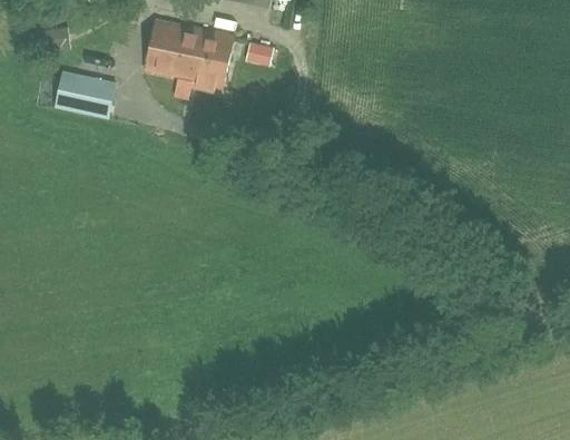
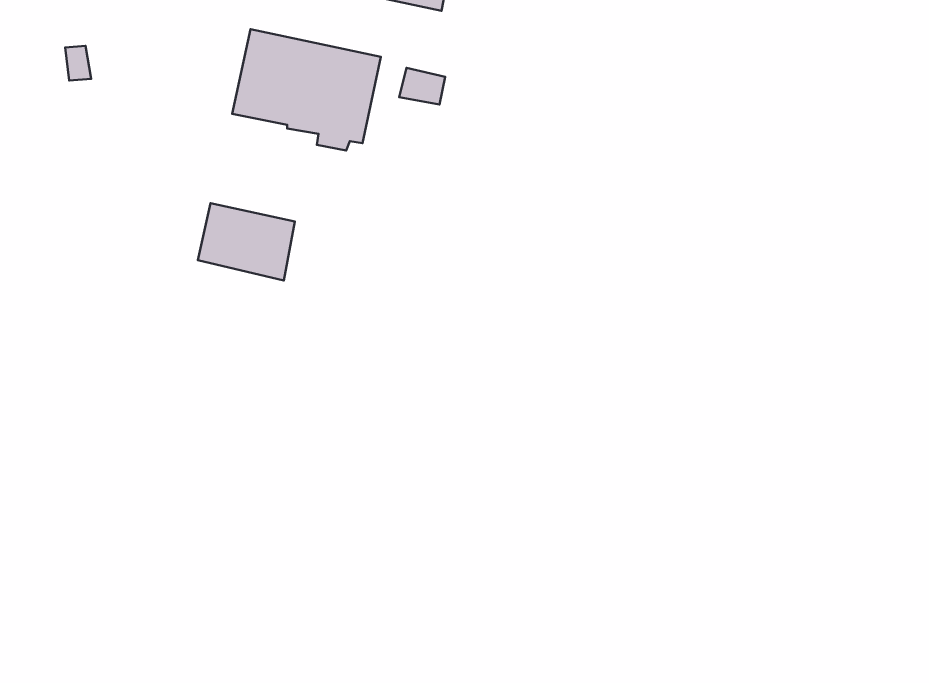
building: [56,71,115,118] -> [198,203,295,280]

